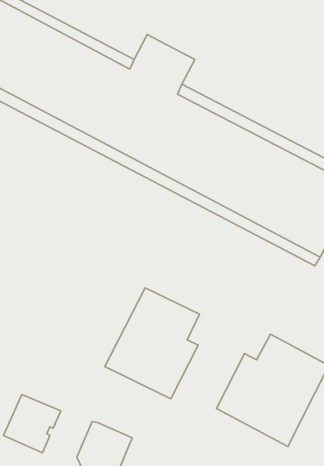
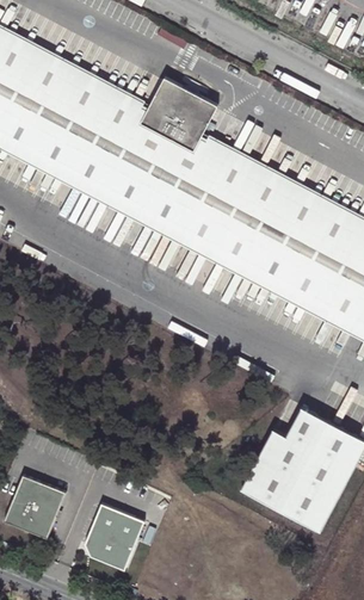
building: [105,288,199,399] -> none

